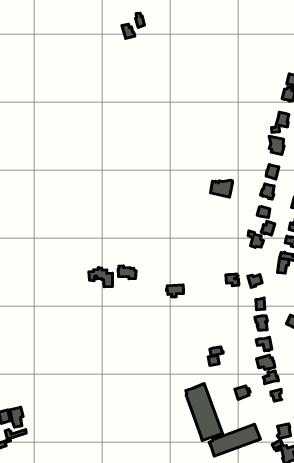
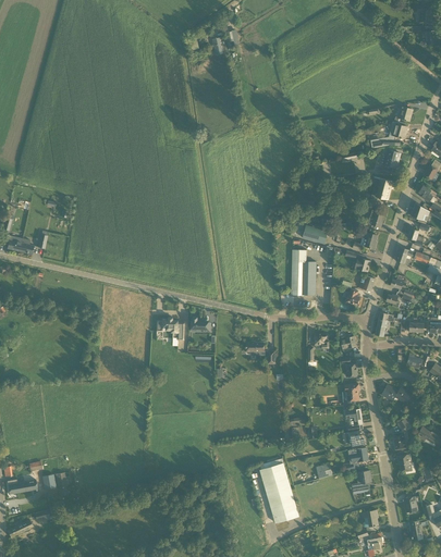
building: none -> [291,249,315,295]
building: [209,424,260,456] -> none

